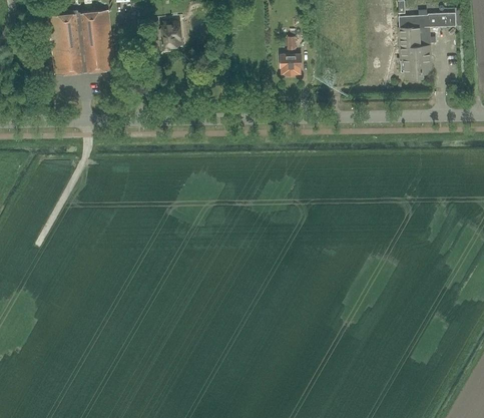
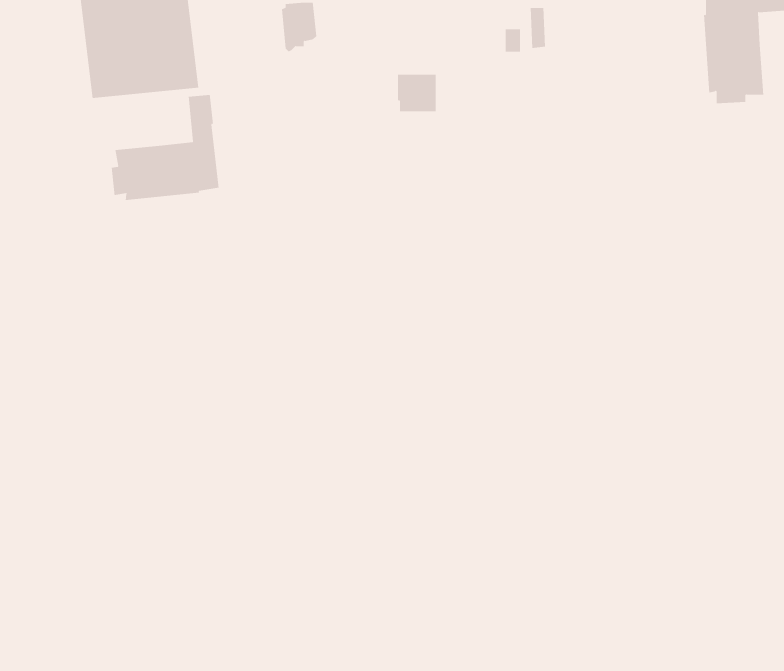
building: [280,53,302,74] -> [397,74,437,112]
building: none -> [111,94,219,201]

